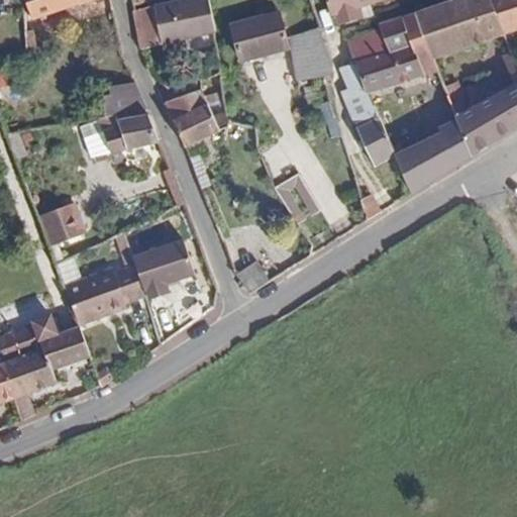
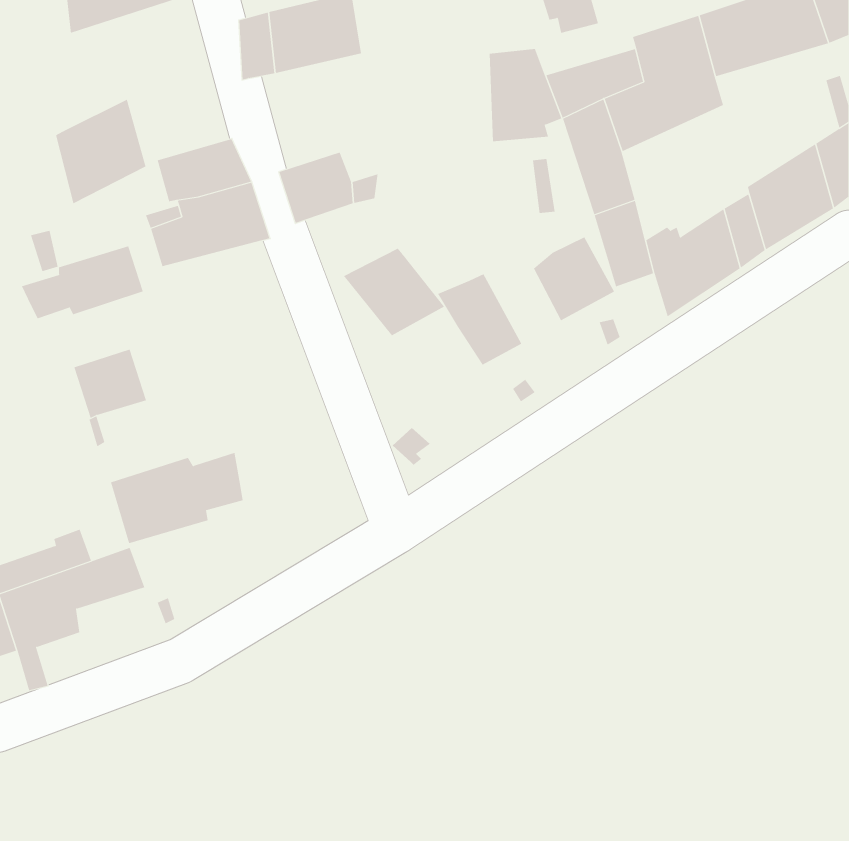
building: [232,14,289,62] -> none
building: none -> [56,99,146,204]
building: none -> [533,237,615,321]
building: none -> [21,246,144,319]
building: none -> [343,248,445,336]
building: [140,240,194,300] -> none

